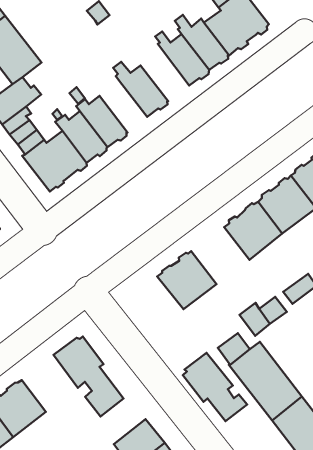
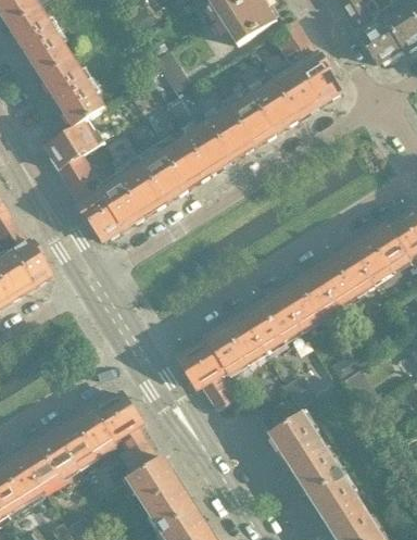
building: none -> [202,102,255,161]
building: none -> [157,130,210,189]
building: none -> [242,294,301,352]
building: [183,353,247,421] -> [179,339,242,411]
building: none -> [58,410,114,467]
building: none -> [129,457,180,506]

